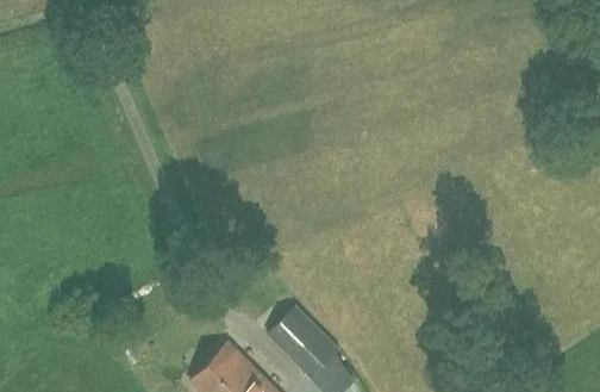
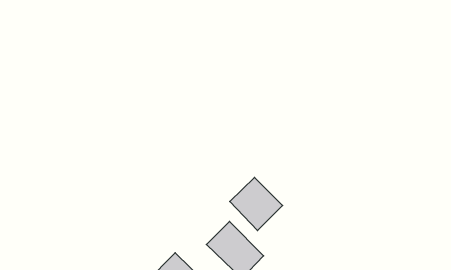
building: none -> [230,178,283,231]

